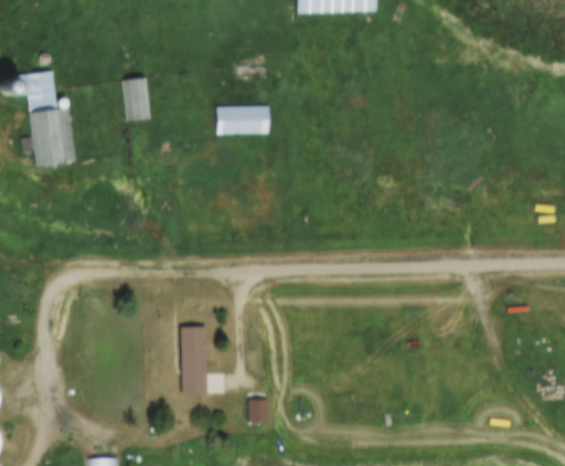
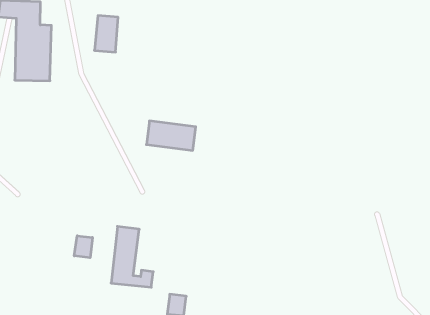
building: [212,105,268,134] -> [146,121,196,150]
building: none -> [74,236,92,258]

